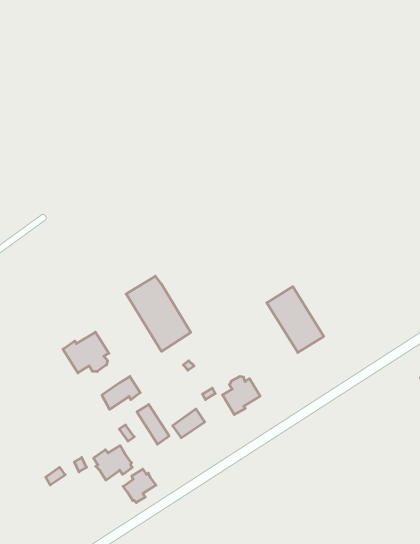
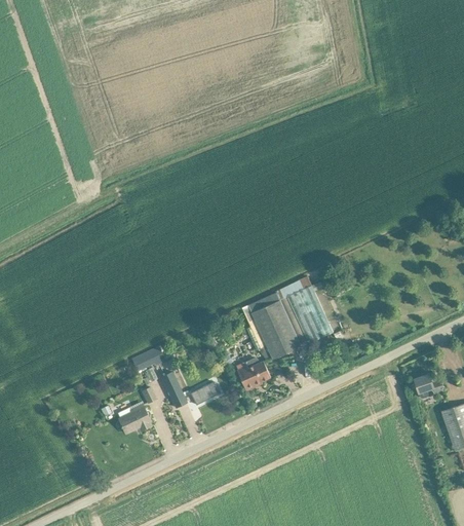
building: [126,276,191,351] -> [248,293,301,360]
building: [63,332,109,373] -> none
building: [123,469,156,503] -> none

